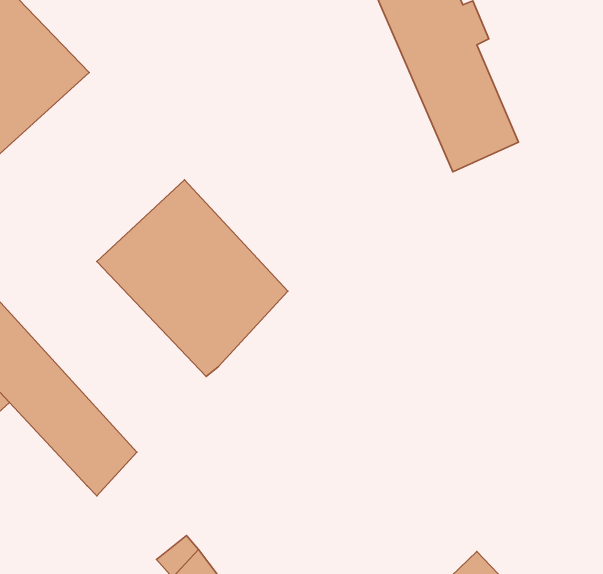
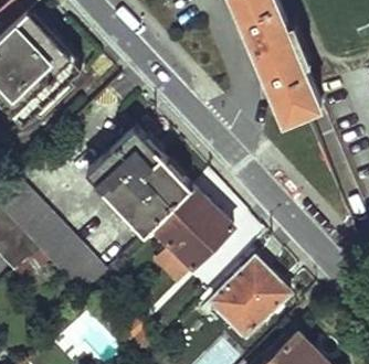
building: none -> [152,189,230,268]
building: none -> [211,258,287,336]

